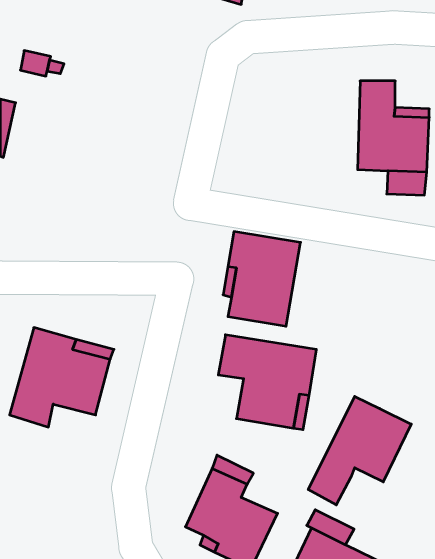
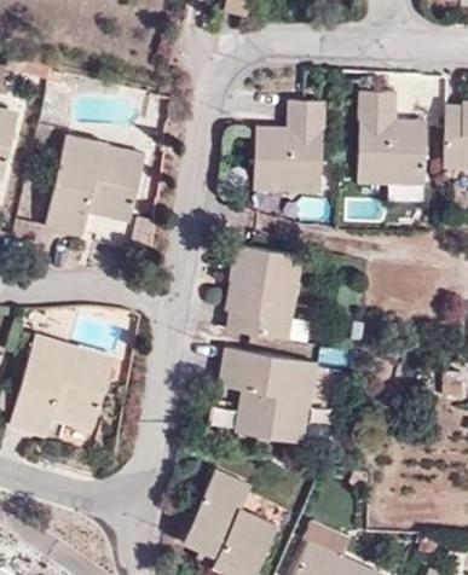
building: none -> [254,101,324,191]
building: none -> [42,139,144,240]
building: [308,396,411,505] -> none

